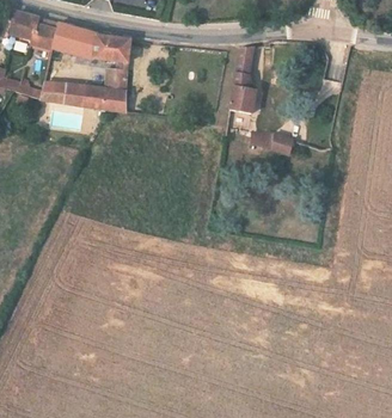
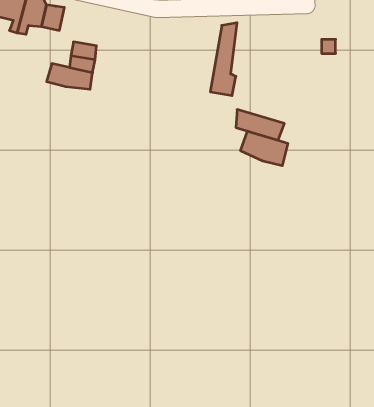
building: [86,33,125,60] -> none
building: [37,76,79,103] -> none
building: none -> [241,131,288,166]

